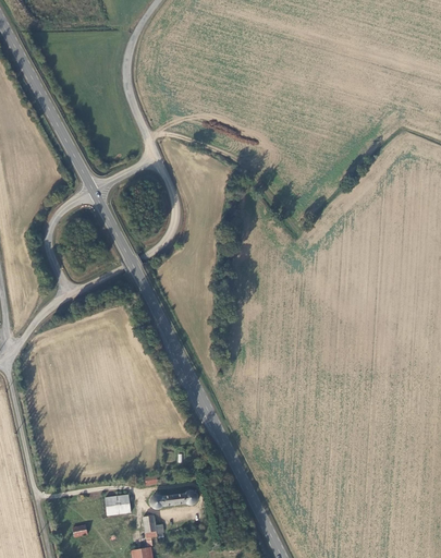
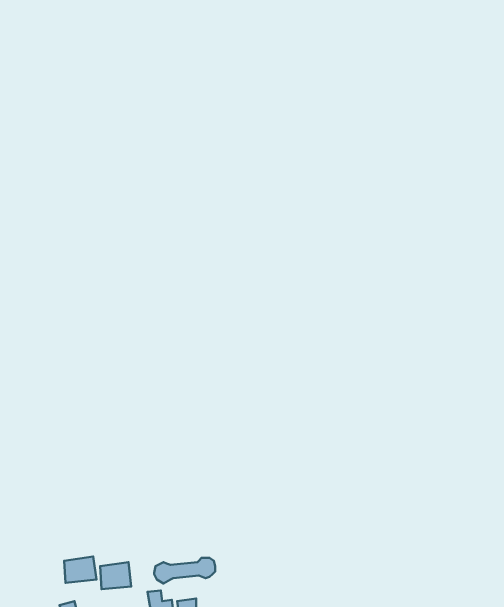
building: none -> [64,557,96,583]

